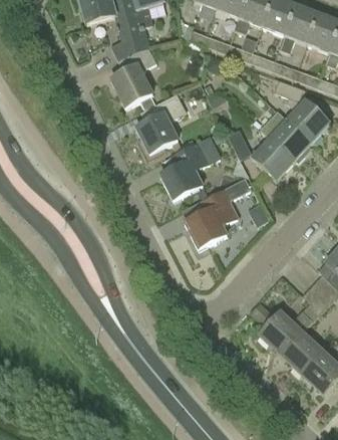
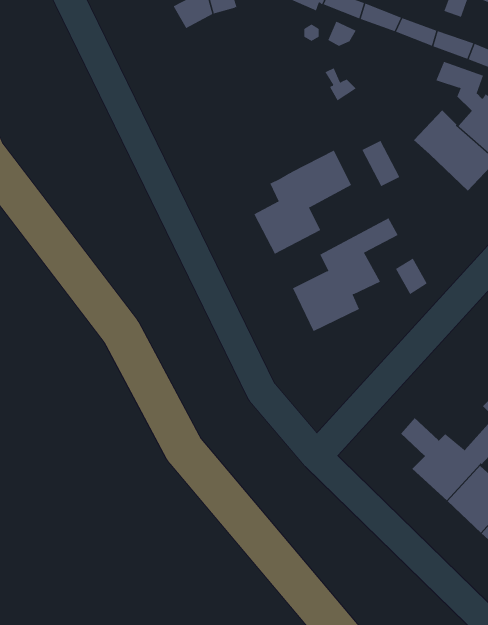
building: [110,46,156,107] -> none
building: [135,92,187,155] -> none
building: [252,138,294,180] -> none

